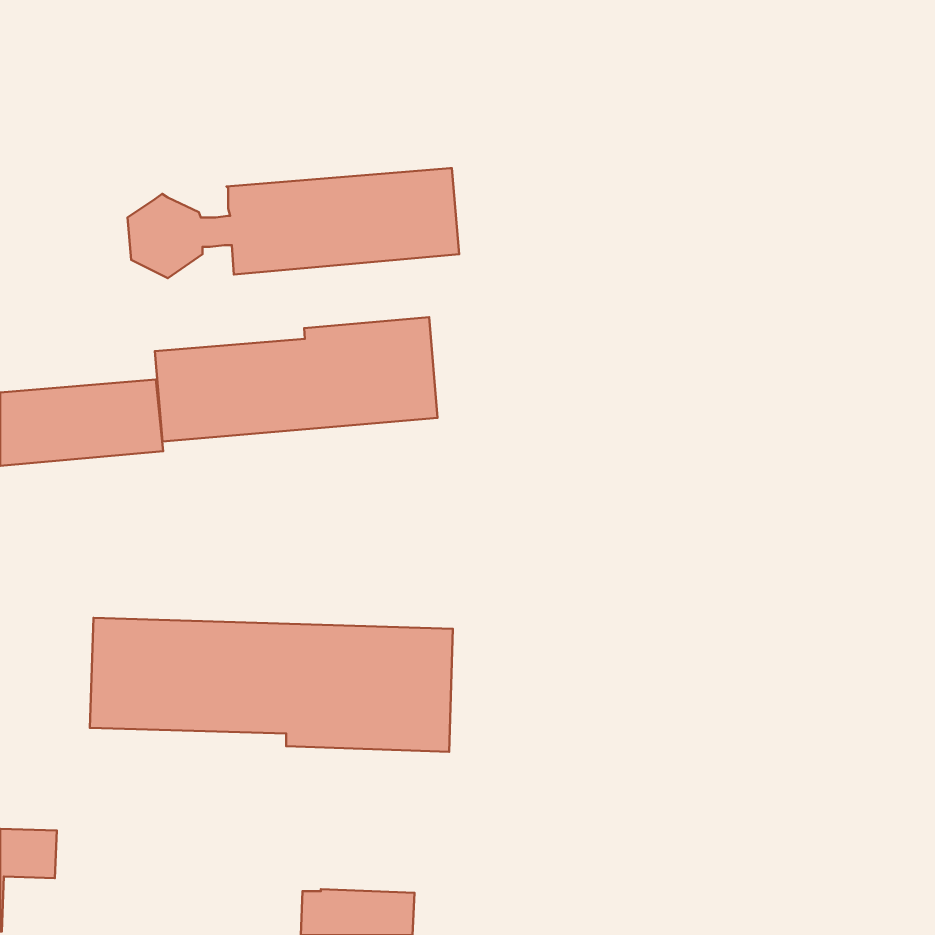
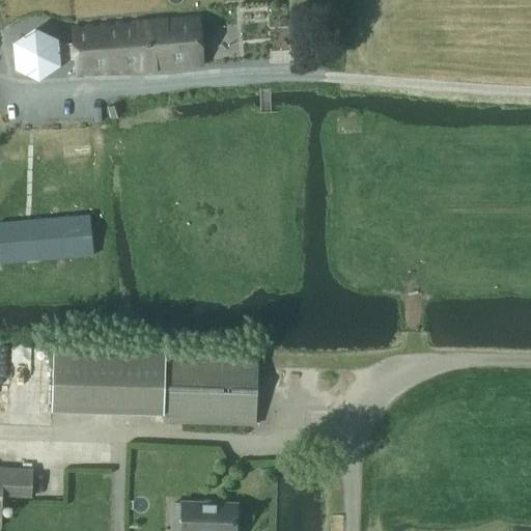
building: [127,168,459,278] -> [16,17,203,79]
building: [155,317,438,441] -> none

